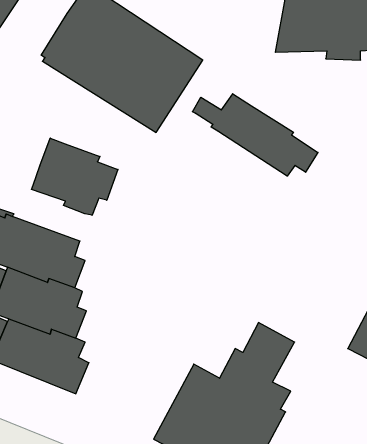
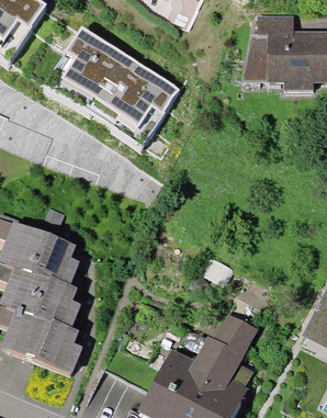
building: [192,94,318,176] -> none
building: [31,138,118,215] -> none

